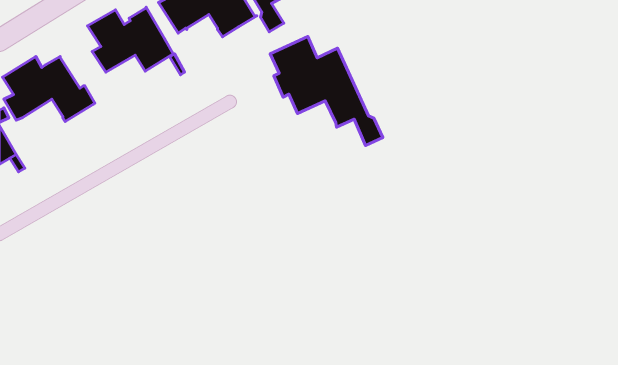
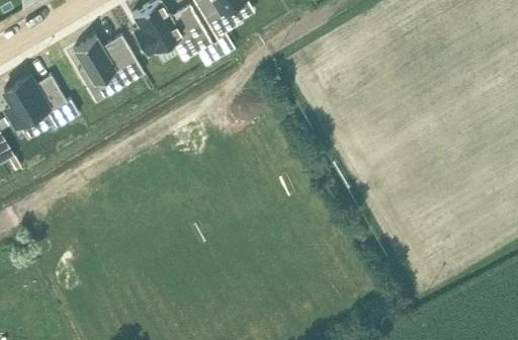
building: [270,36,383,145] -> none

